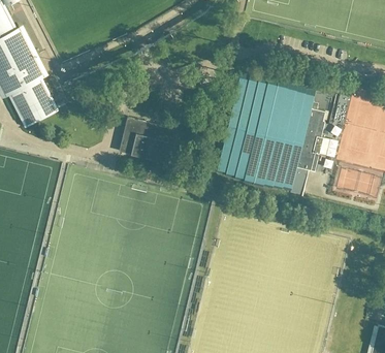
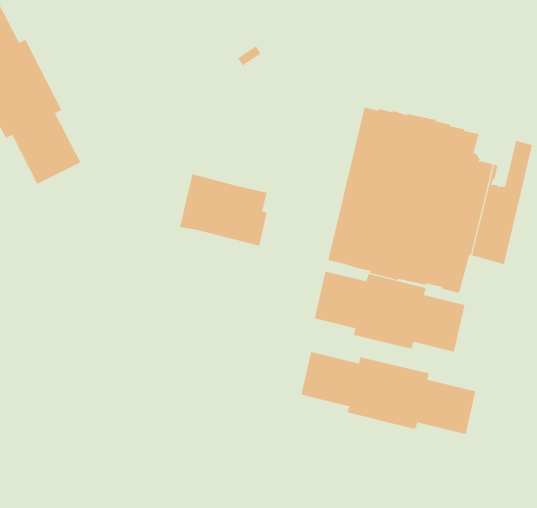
building: none -> [314,271,465,352]
building: none -> [301,351,476,435]

